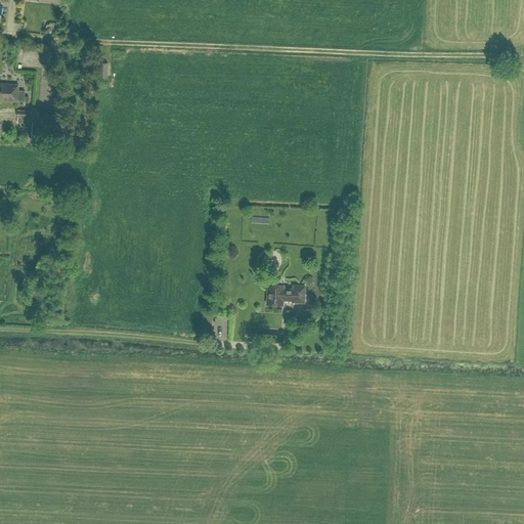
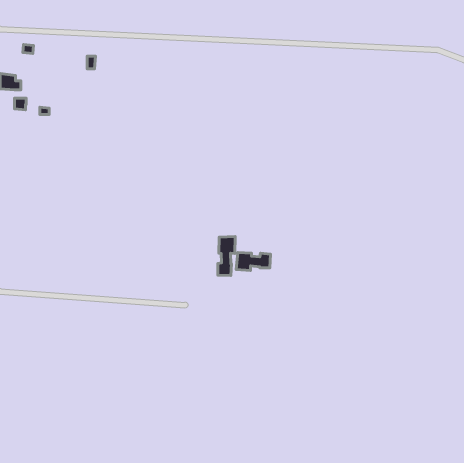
building: none -> [218,237,235,275]

